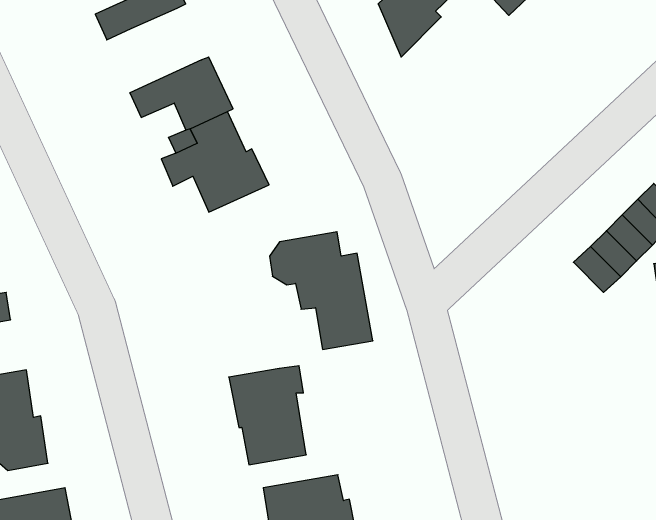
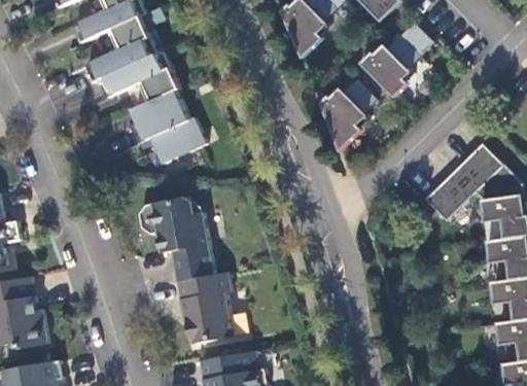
building: none -> [92,16,156,79]
building: none -> [363,36,419,93]
building: none -> [322,79,375,144]
building: [270,232,373,349] -> [138,197,212,281]

